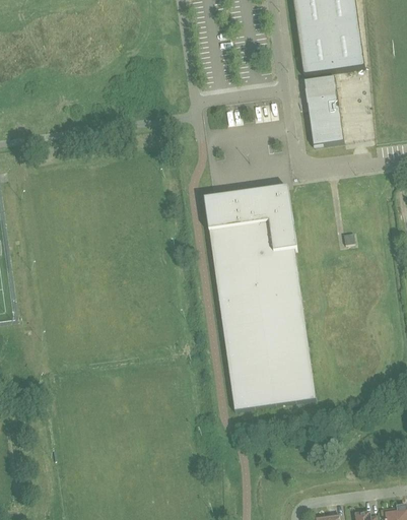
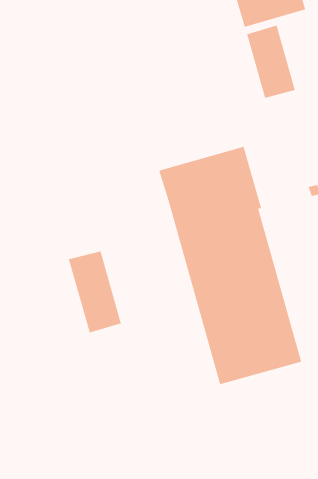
building: none -> [68,250,122,333]

